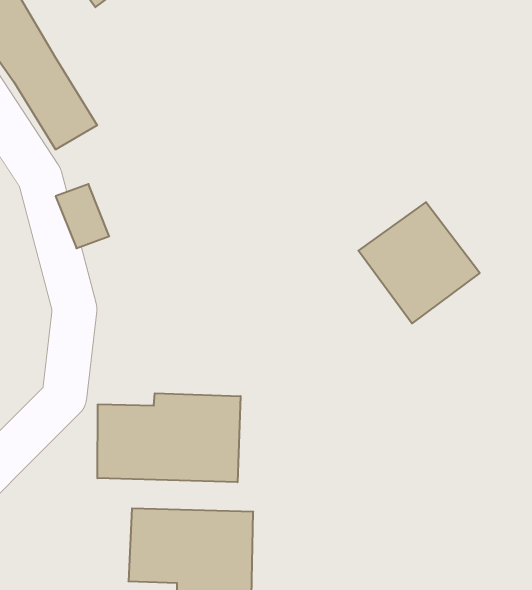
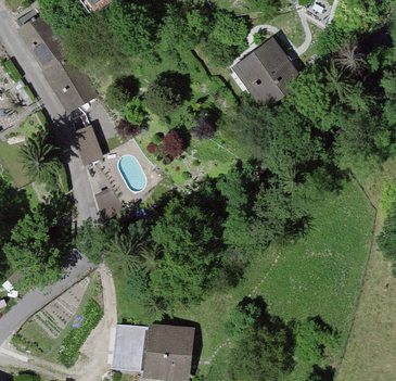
building: [358,202,480,323] -> [229,36,305,112]
building: [97,393,241,482] -> none

